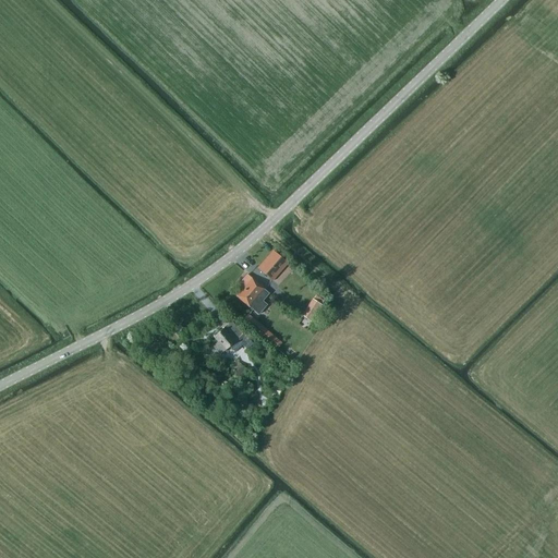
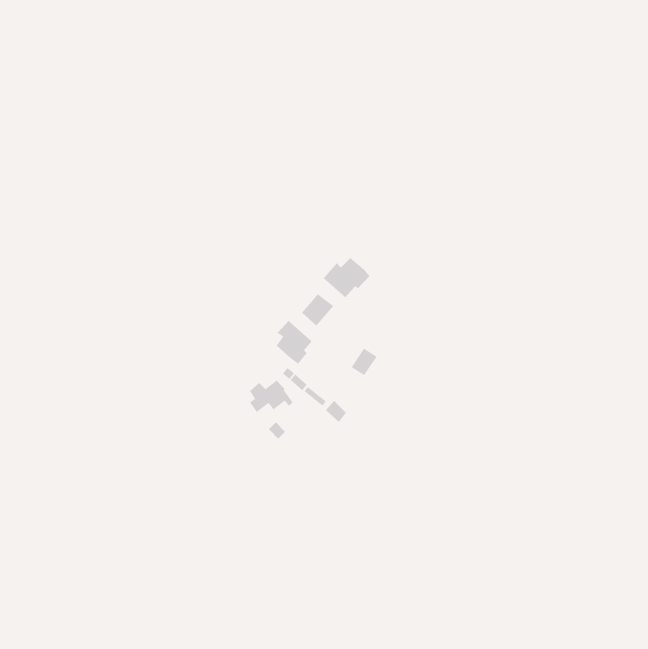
building: none -> [323,257,370,298]

